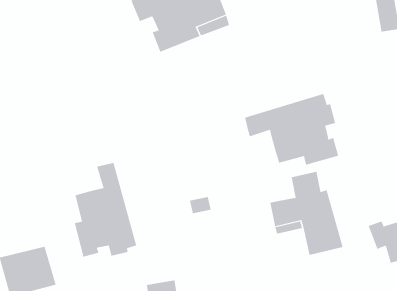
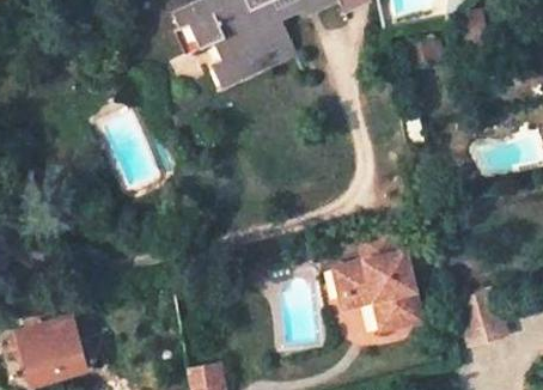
building: [244,93,339,165] -> none
building: [74,162,137,258] -> none

